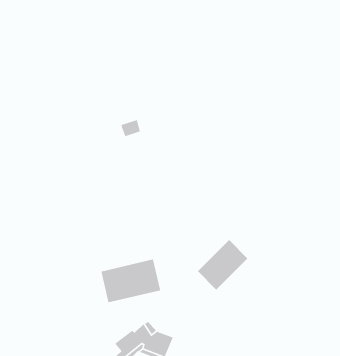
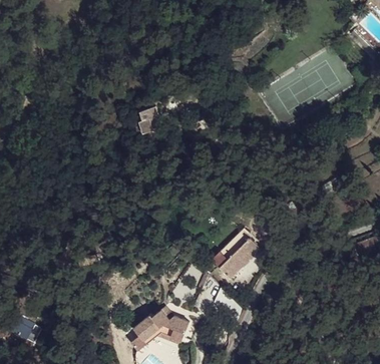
building: [100,259,161,303] -> none

